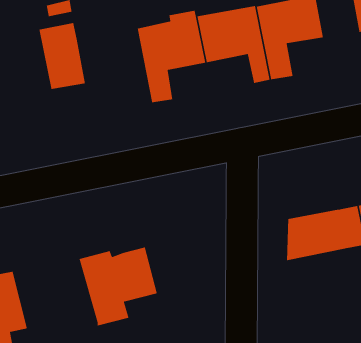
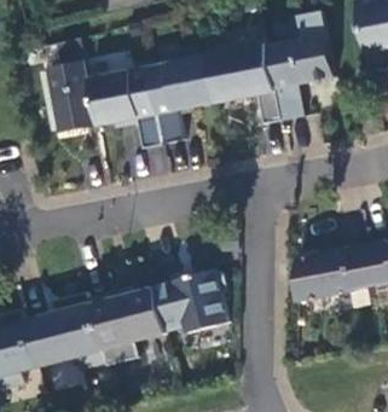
building: none -> [87,68,161,149]
building: none -> [155,268,228,332]
building: none -> [25,291,106,369]

